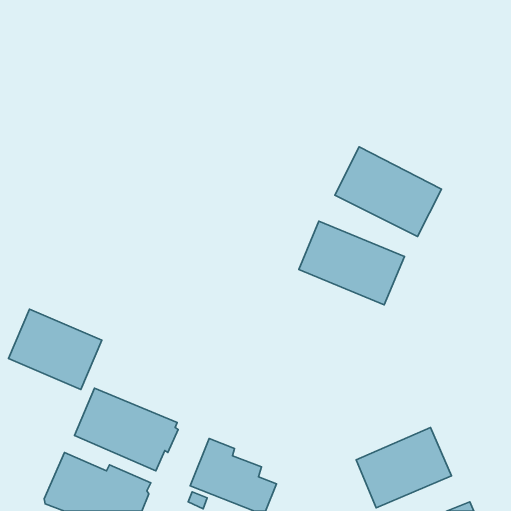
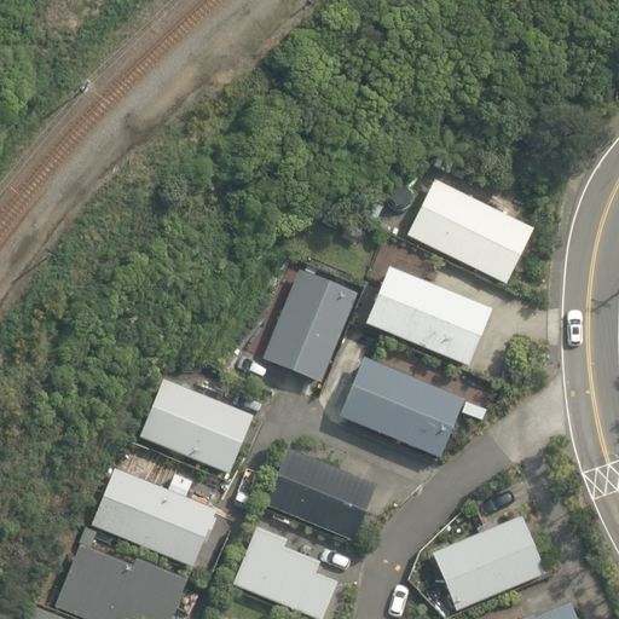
building: none -> [262,270,357,381]
building: none -> [337,357,462,458]
building: [8,309,102,390] -> [141,377,254,474]
building: none -> [264,447,376,539]

